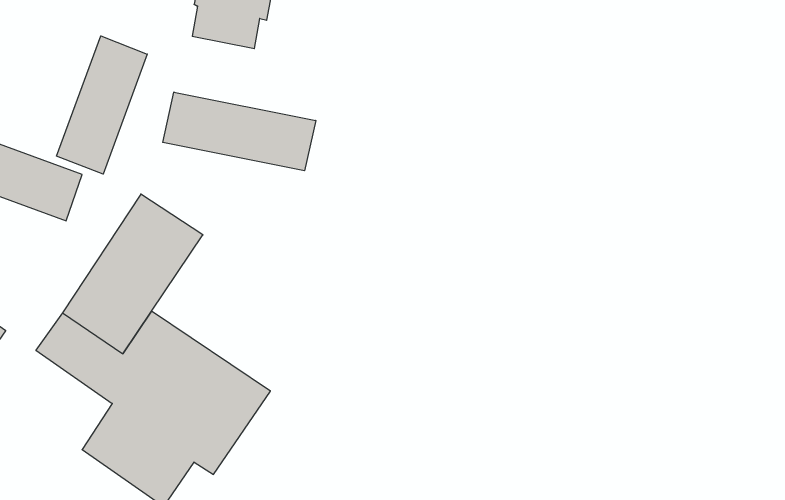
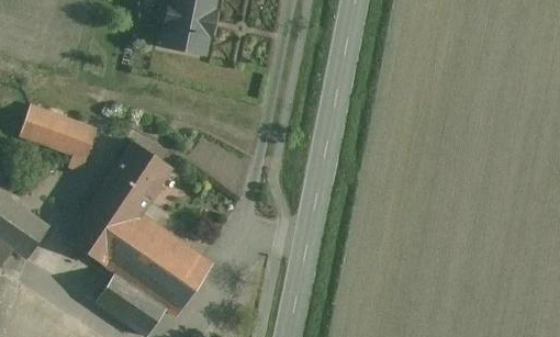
building: [57,36,147,174] -> none
building: [163,92,316,171] -> none

